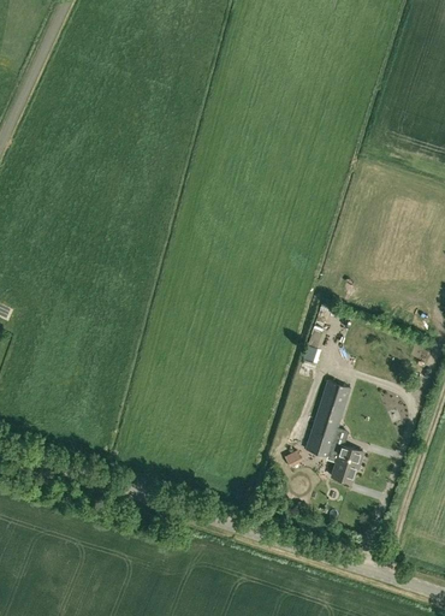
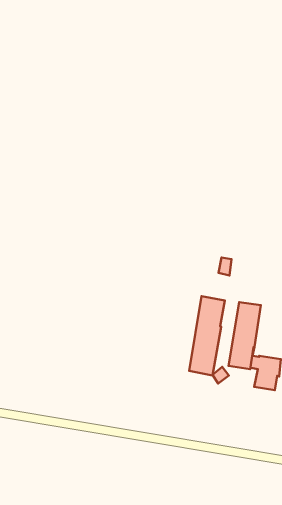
building: none -> [189,296,225,376]

